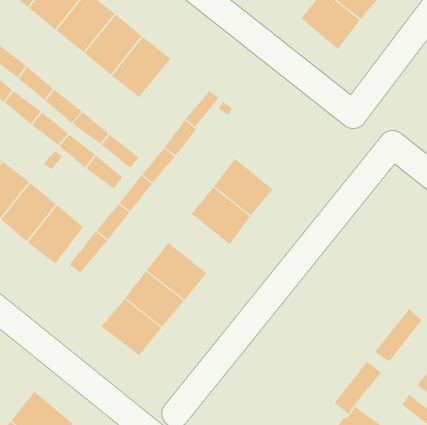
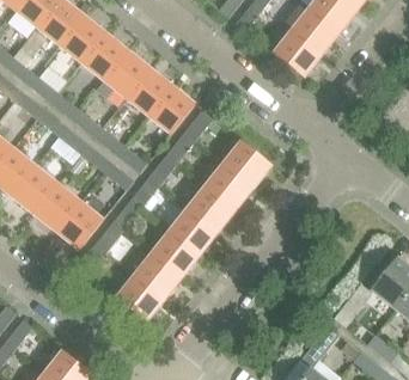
building: none -> [146,85,194,134]
building: none -> [221,140,271,189]
building: none -> [169,208,218,256]

